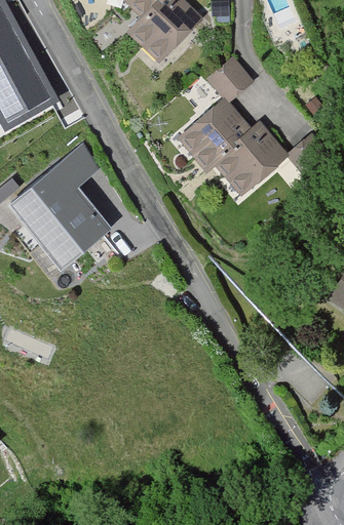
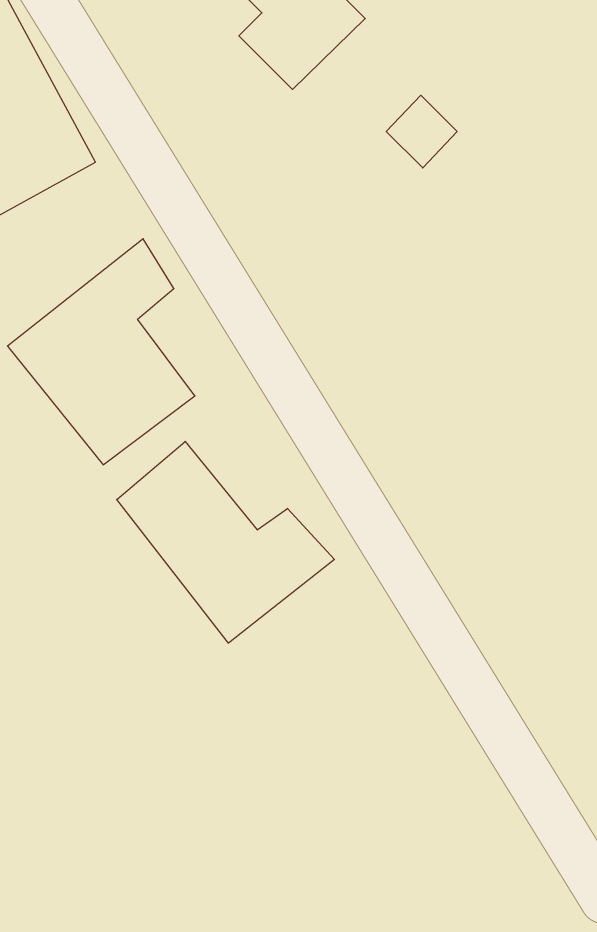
building: [181,104,289,199] -> none
building: none -> [117,441,334,643]

